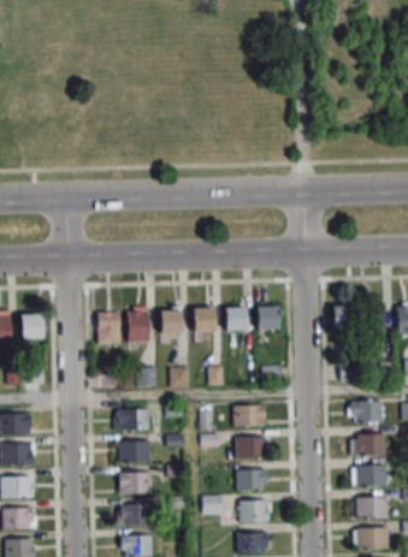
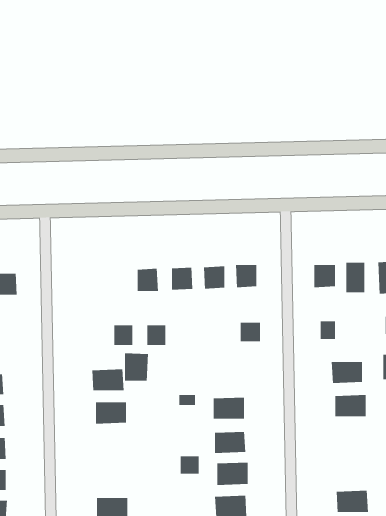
building: [126,310,149,343] -> none
building: [97,313,119,344] -> none
building: none -> [124,352,149,381]
building: [233,405,265,427] -> none
building: [355,466,386,487] -> none
building: [119,473,150,494] -> none
building: [356,497,388,519] -> none
building: [119,504,146,525] -> none

